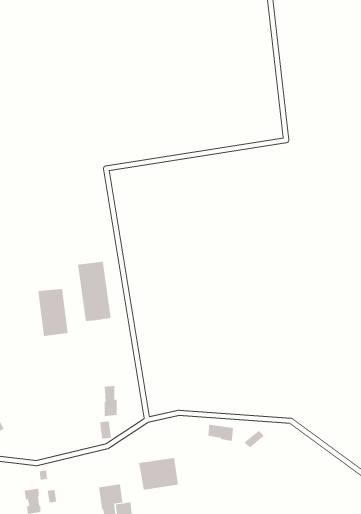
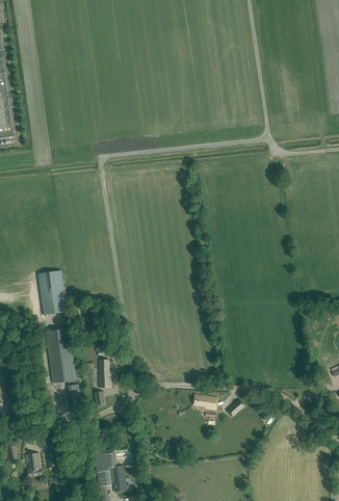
building: [77,261,111,322] -> [46,328,77,384]
building: [139,457,178,490] -> none

